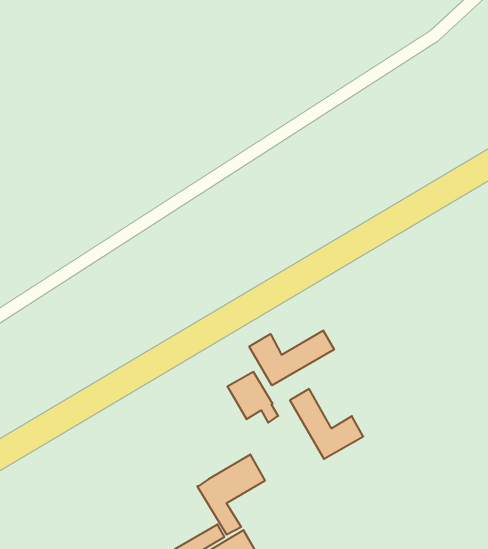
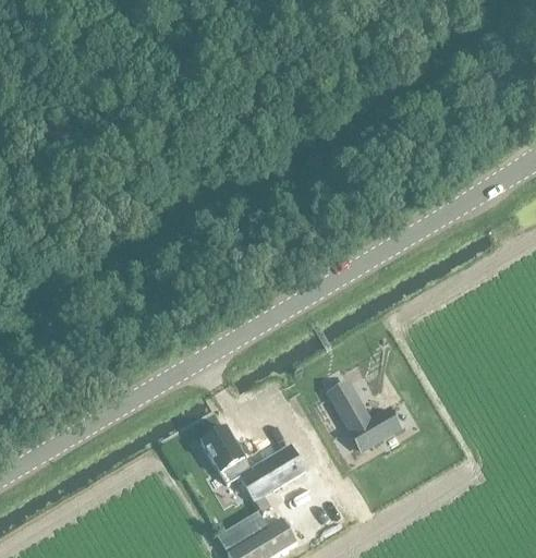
building: [249,330,334,385] -> none
building: [227,372,278,423] -> [200,426,249,475]

